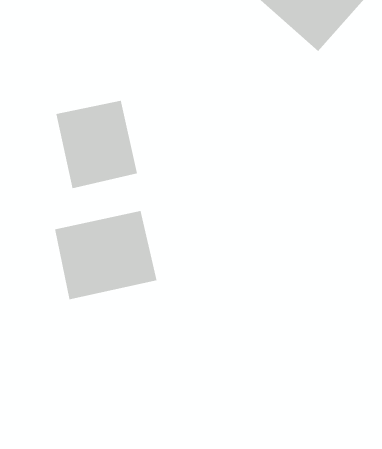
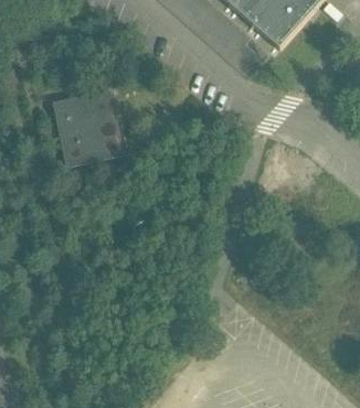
building: [54,210,157,300] -> none

